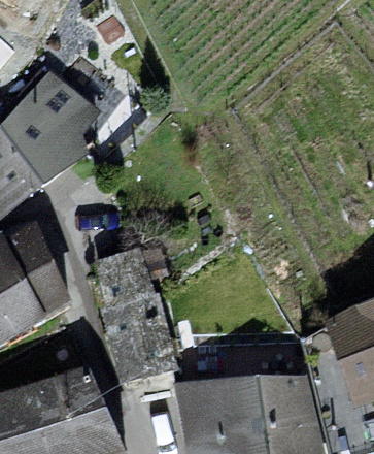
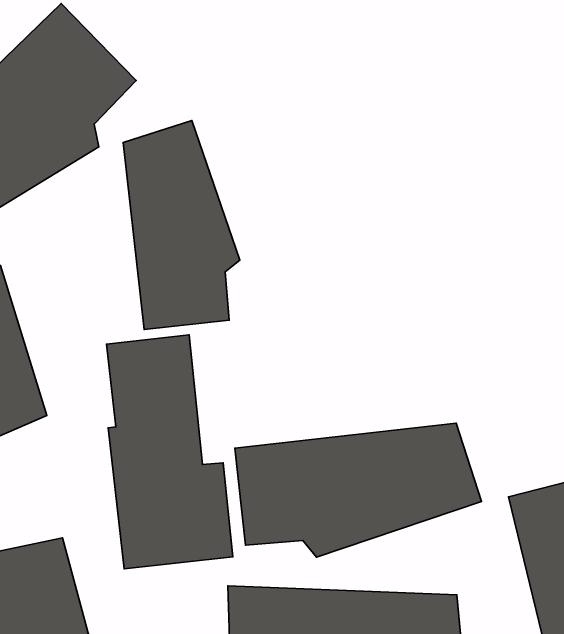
building: none -> [123,121,240,329]
building: none -> [235,423,482,557]

